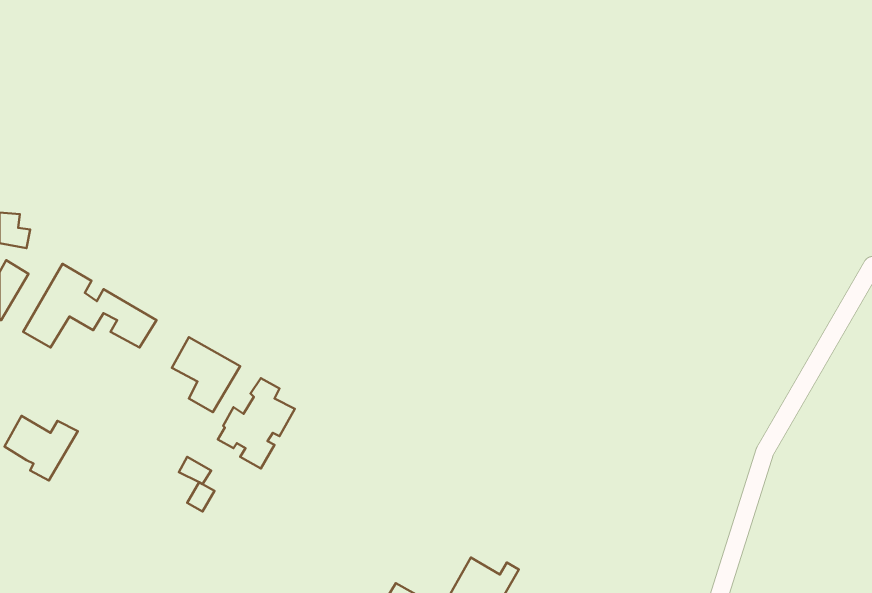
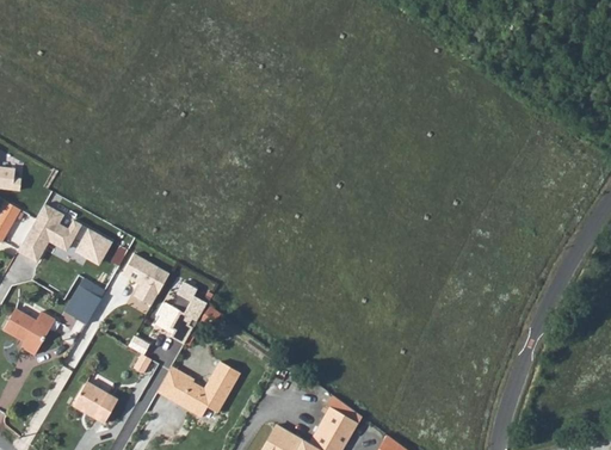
building: none -> [70,277,106,323]
building: none -> [155,360,240,415]
building: none -> [73,382,117,423]

